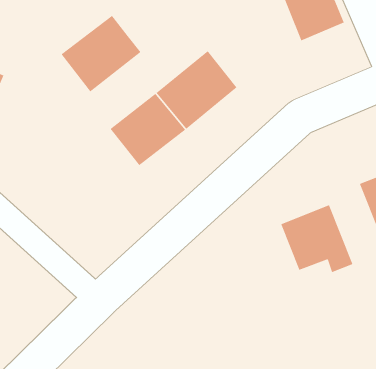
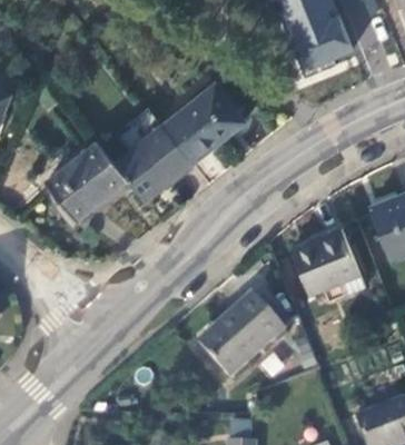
building: [61,15,142,93] -> [46,134,128,212]
building: none -> [197,297,284,383]

